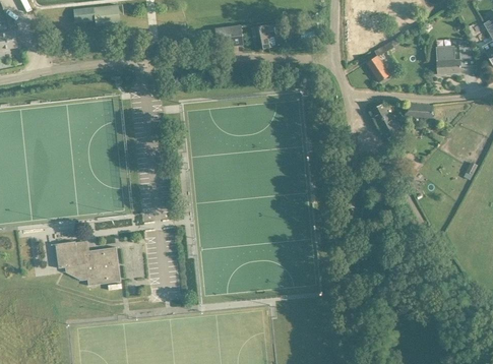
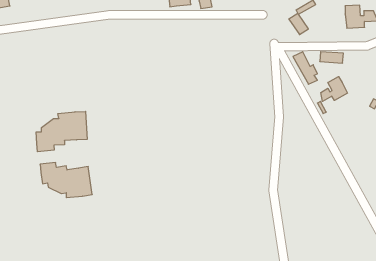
building: none -> [321,77,347,101]
building: none -> [36,111,87,152]

